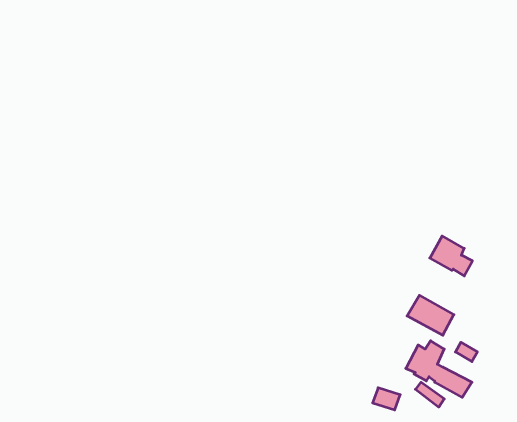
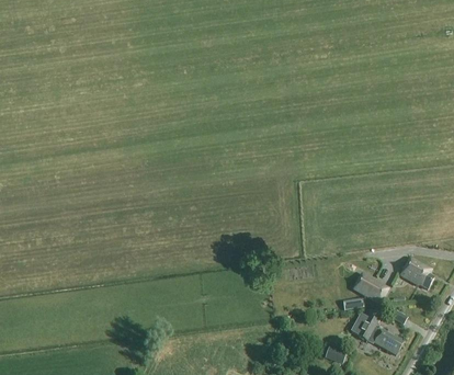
building: [430,236,472,276] -> [399,257,433,288]

